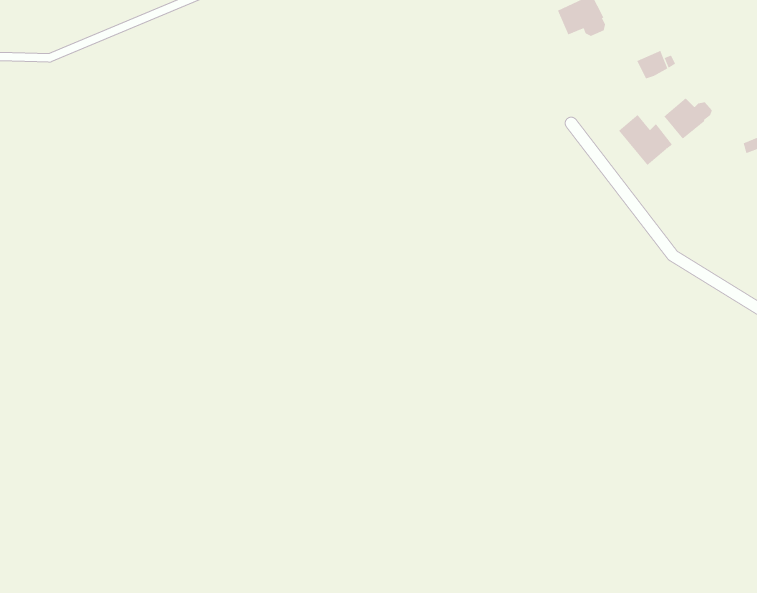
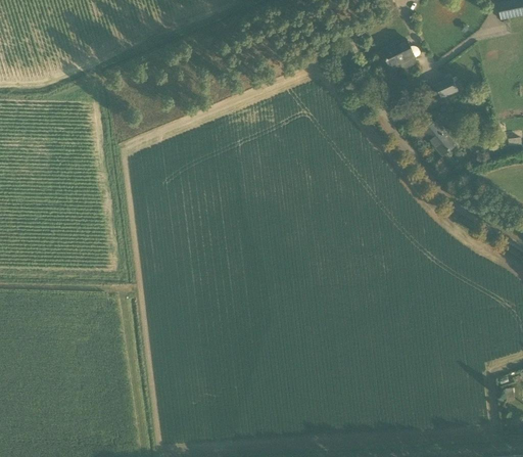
building: [664,97,712,140] -> none

